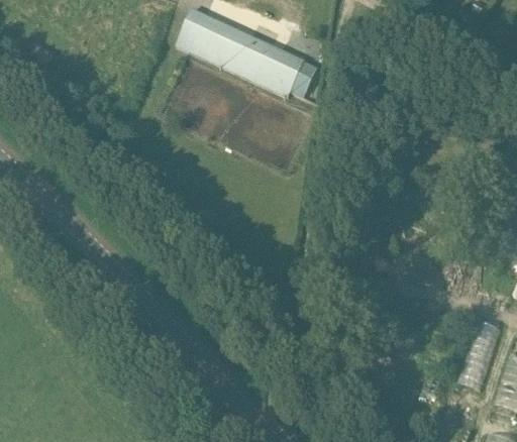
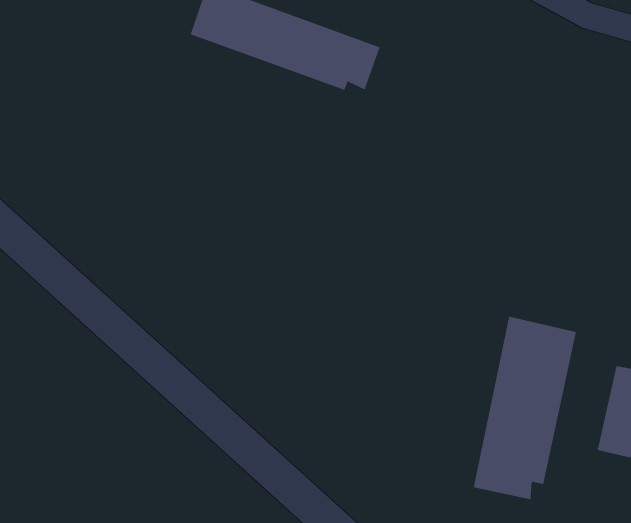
building: none -> [473,316,577,500]

